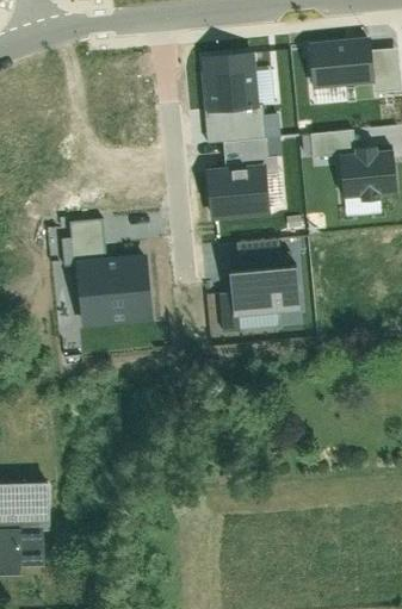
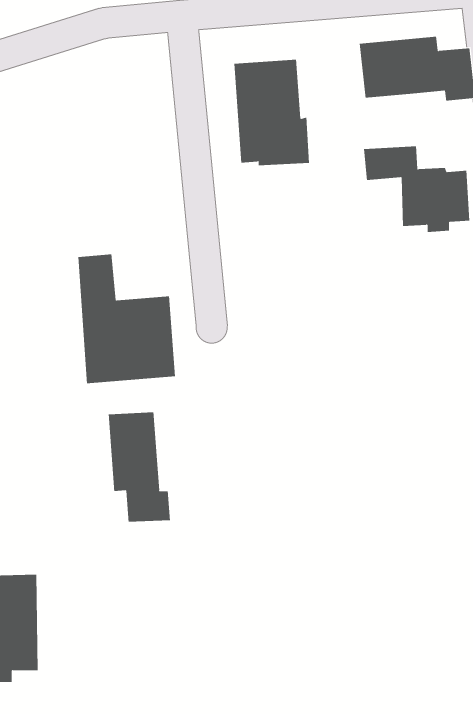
building: [210,143,278,223] -> none
building: [228,237,302,317] -> none
building: none -> [108,411,170,523]

